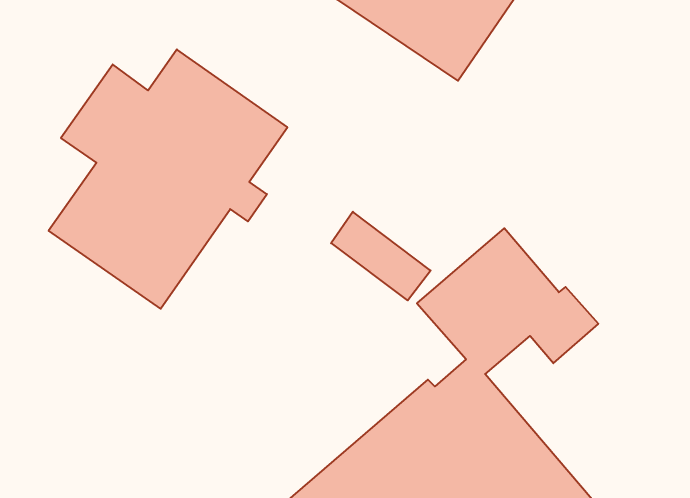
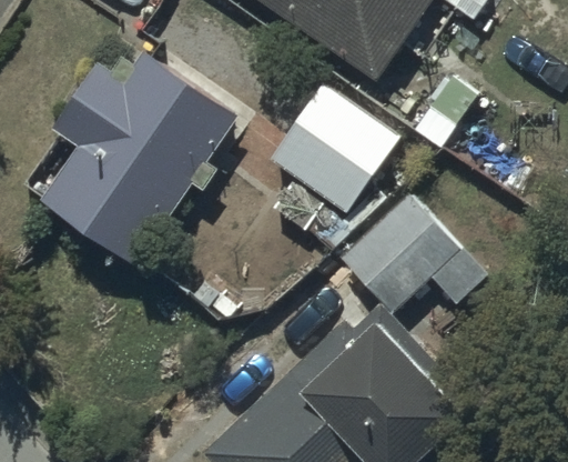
building: none -> [271,83,396,210]

